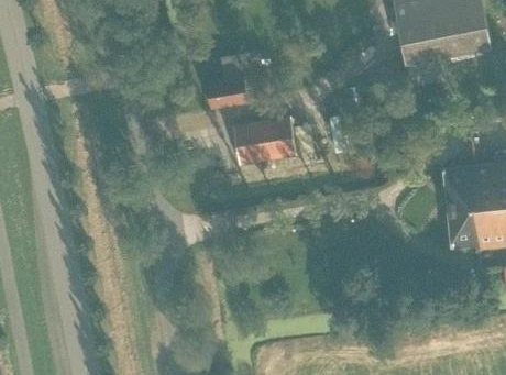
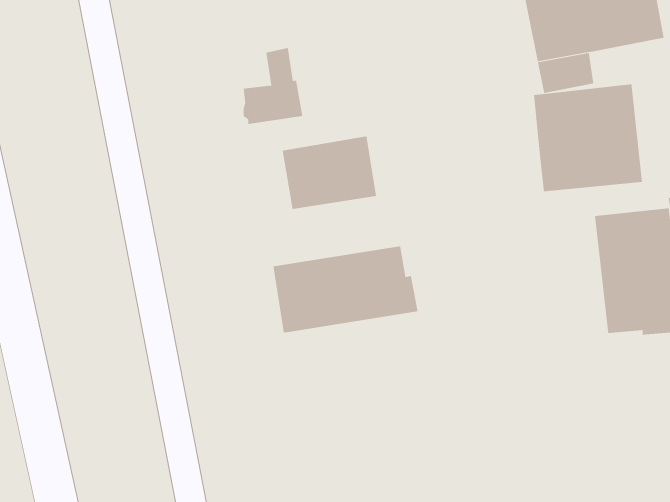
building: none -> [534,84,642,192]
building: none -> [273,246,418,334]

